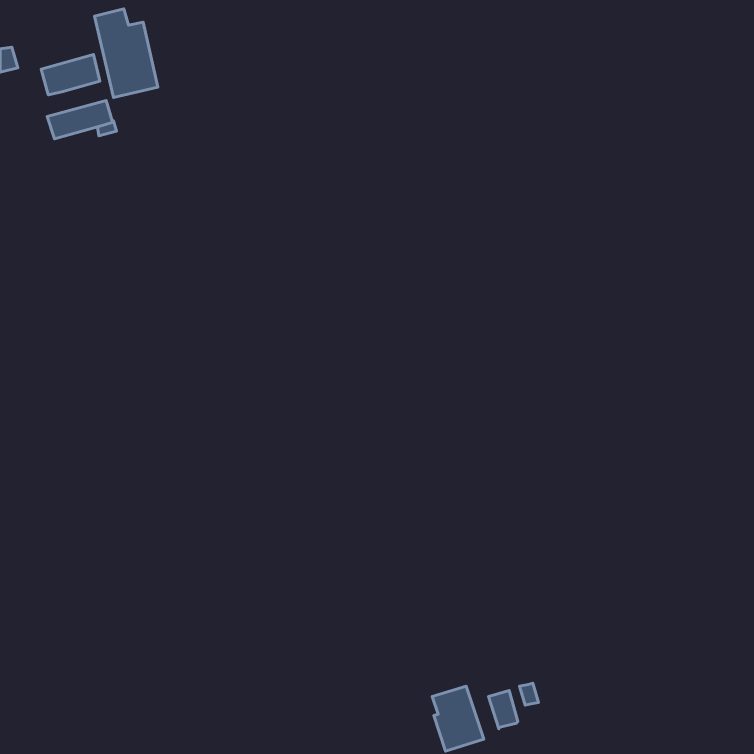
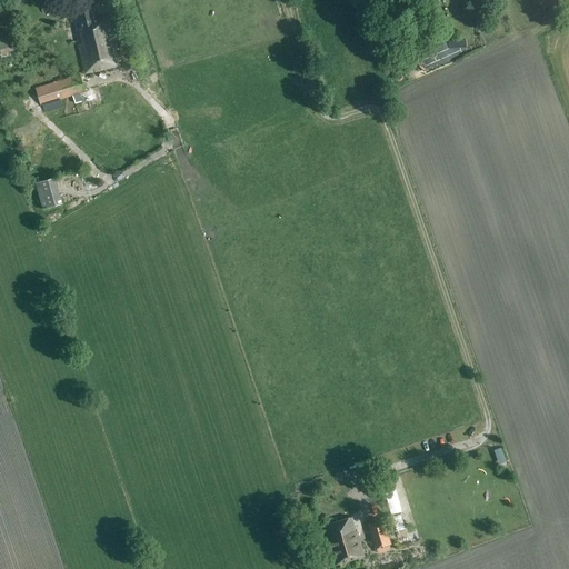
building: [41,55,100,95] -> none
building: none -> [36,178,63,210]

